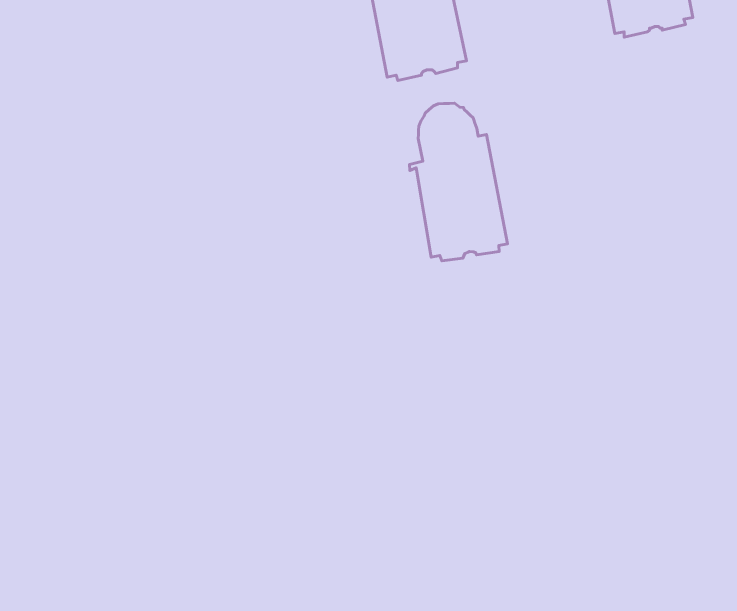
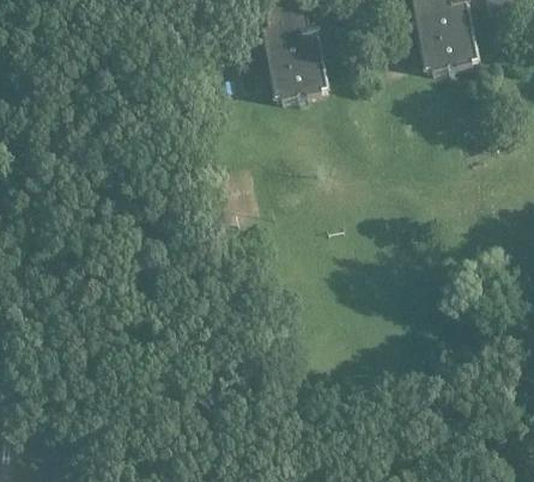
building: [409,103,507,261] -> none

